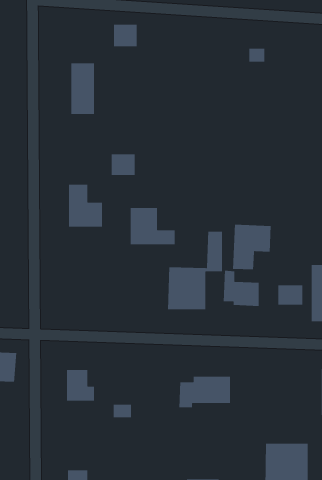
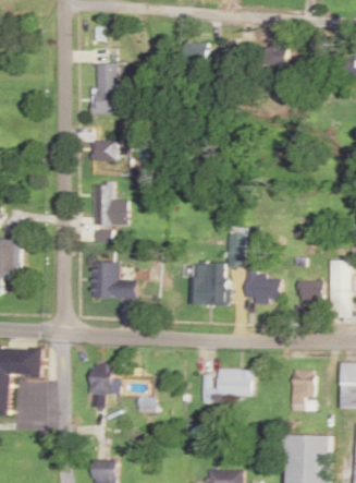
building: [113,24,138,47] -> [184,41,208,64]
building: [111,154,135,176] -> [91,140,115,161]
building: [130,207,176,245] -> [91,262,136,299]
building: [232,224,272,270] -> none
building: none -> [290,370,314,409]

